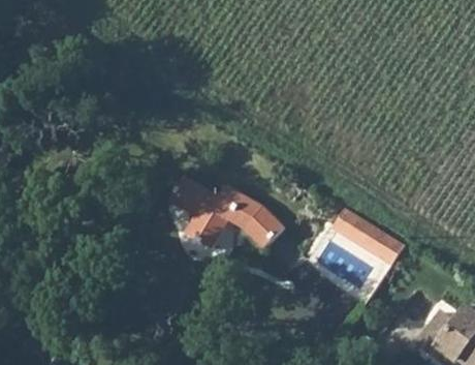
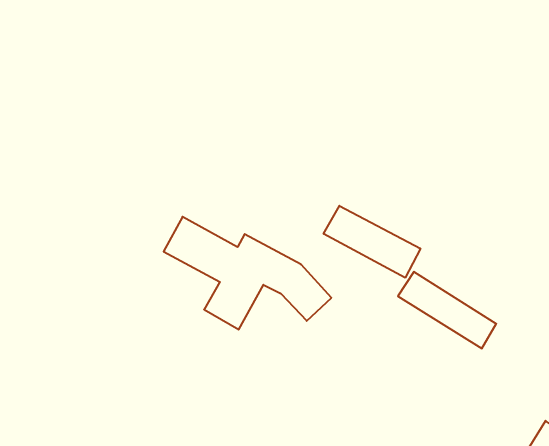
building: none -> [324,206,420,278]

